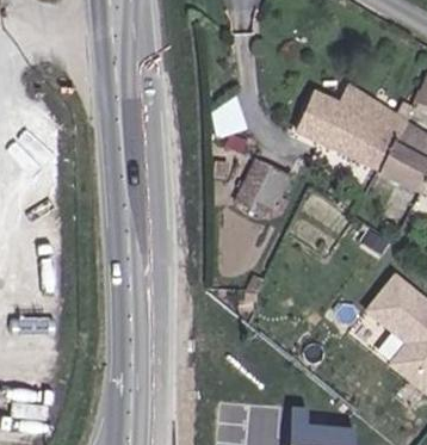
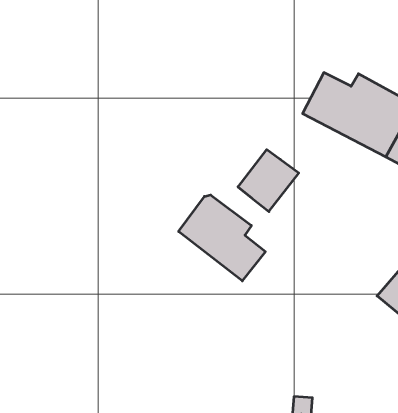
building: none -> [179,195,265,281]

